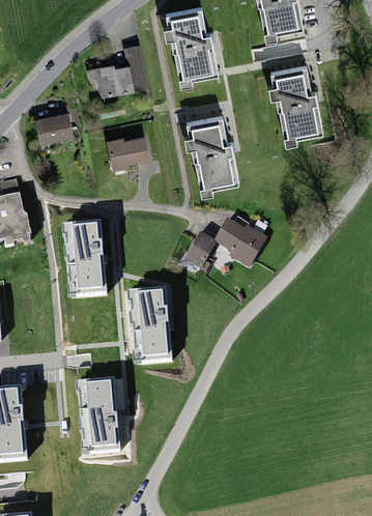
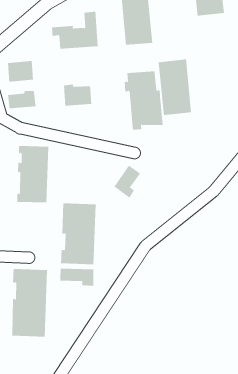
building: [271,64,320,138] -> [158,59,192,115]
building: none -> [8,90,36,109]
building: [213,218,266,268] -> none
building: none -> [60,268,94,287]

